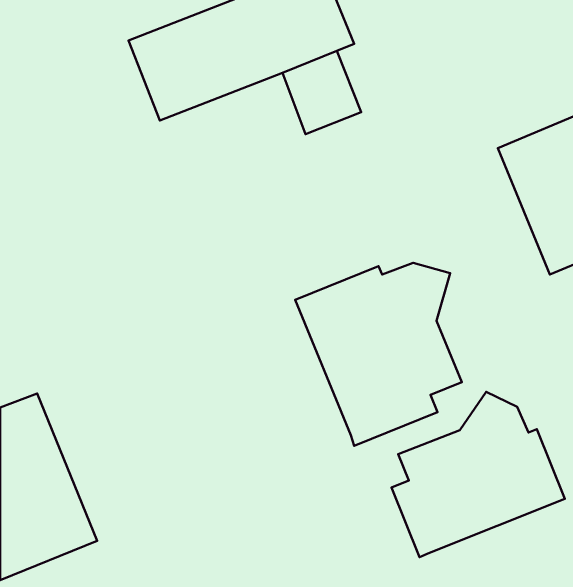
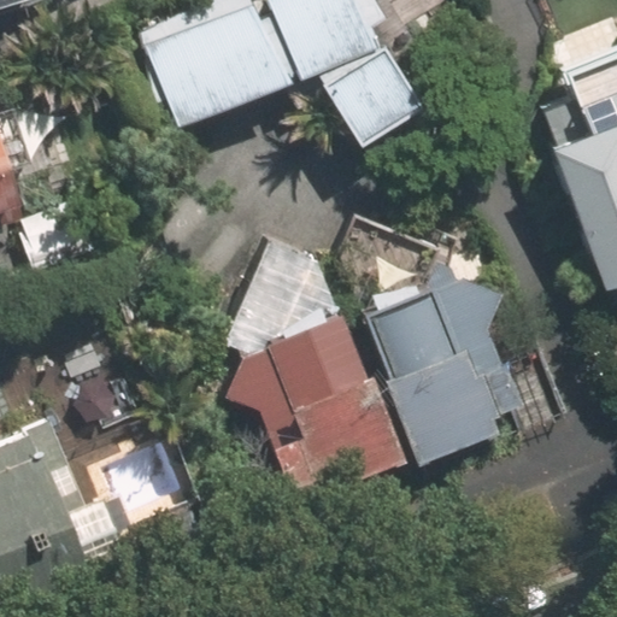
building: none -> [192,312,384,509]
building: [392,392,565,557] -> none

